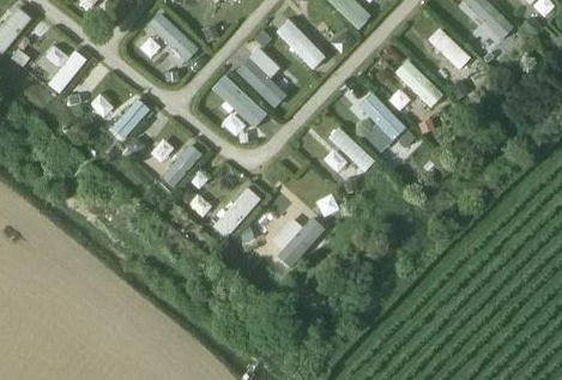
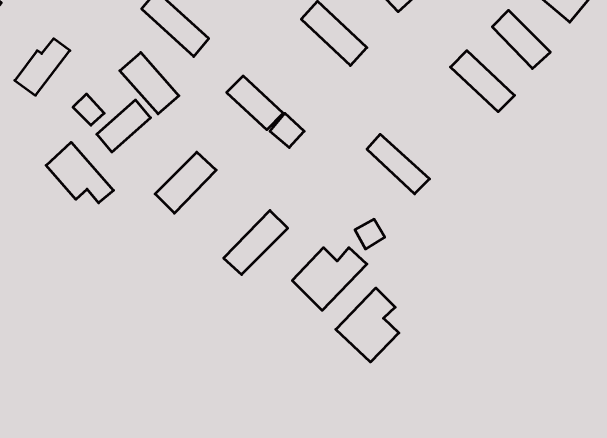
building: [234,46,285,107] -> none
building: none -> [120,52,179,114]
building: [357,90,409,141] -> none
building: none -> [46,142,114,203]
building: none -> [336,288,399,362]

